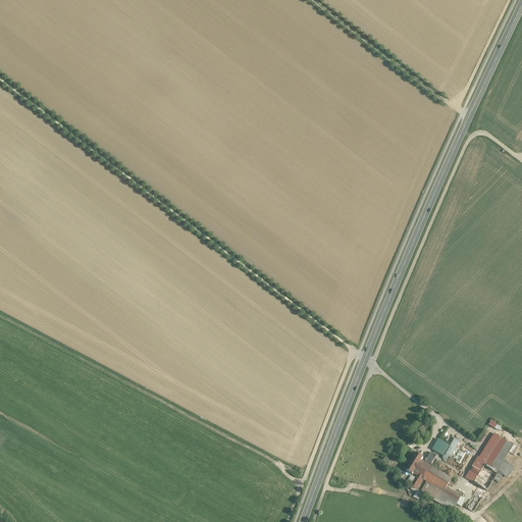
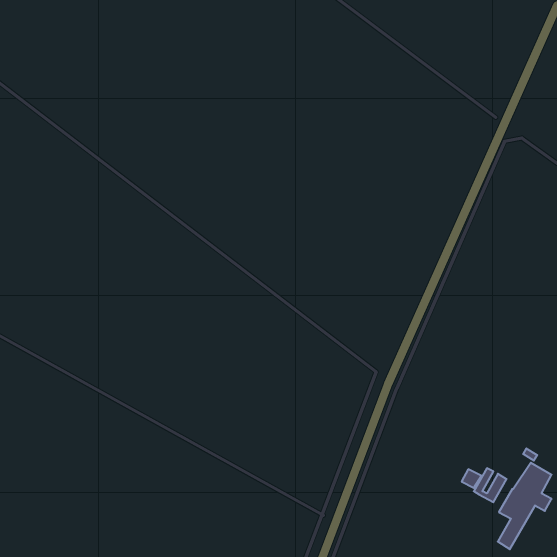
building: [404,450,459,509] -> none

